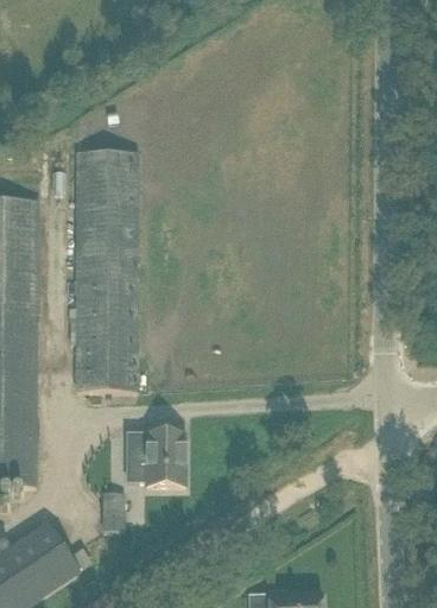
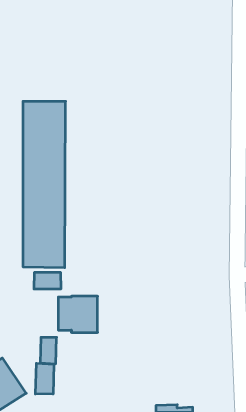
building: none -> [34,272,61,289]
building: none -> [35,363,54,394]

